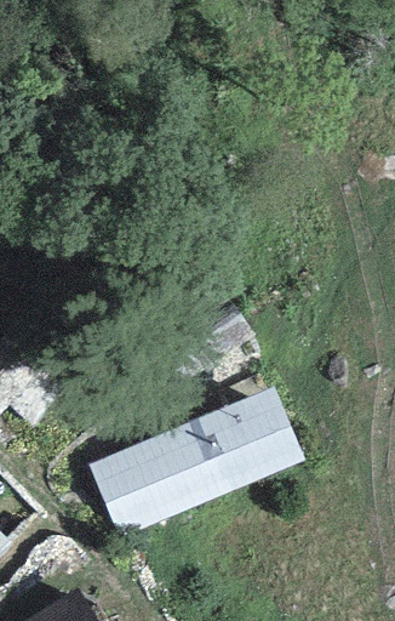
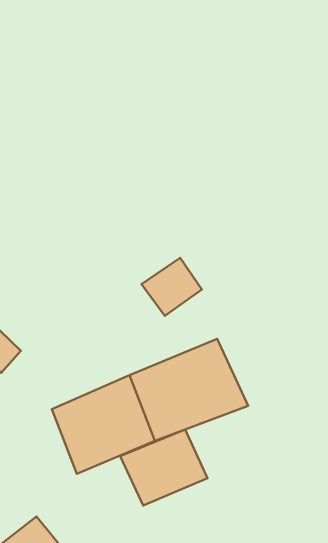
building: none -> [120,429,207,505]

